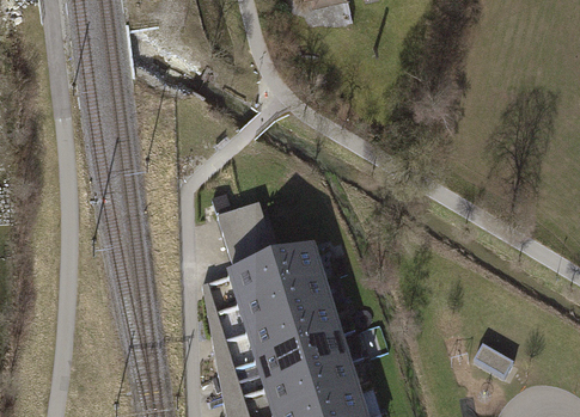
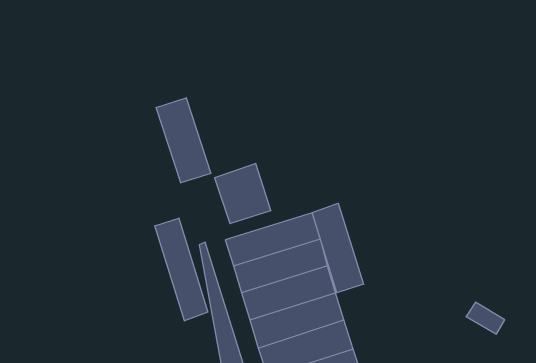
building: none -> [156,98,211,183]
building: none -> [312,203,364,293]
building: none -> [155,218,208,321]

